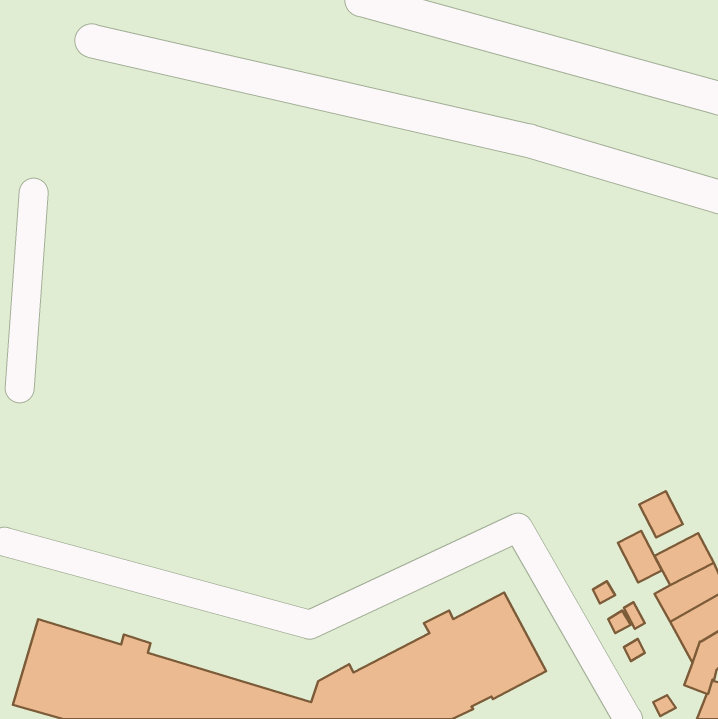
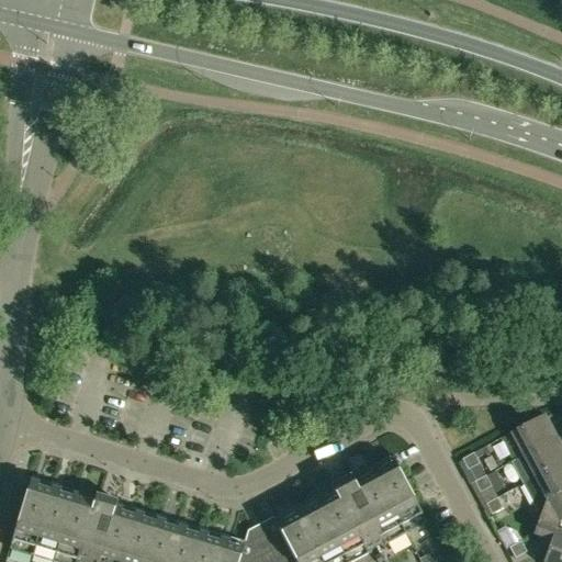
building: [639,491,683,538] -> none
building: [618,531,662,583] -> none

